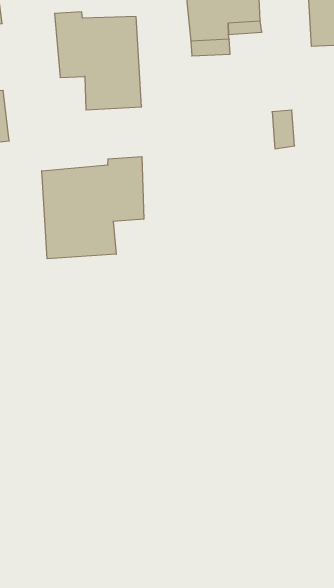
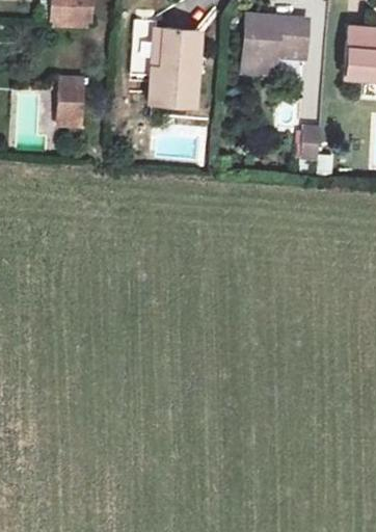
building: [42,157,144,259] -> none

